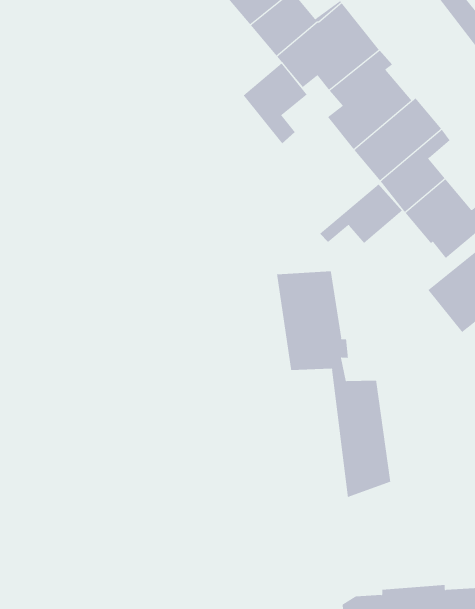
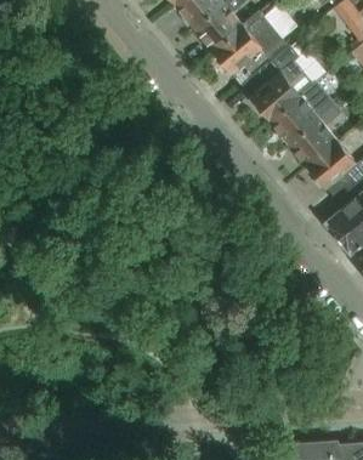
building: [243,63,307,144] -> none
building: [319,184,403,244] -> none
building: [277,270,391,498] -> none

